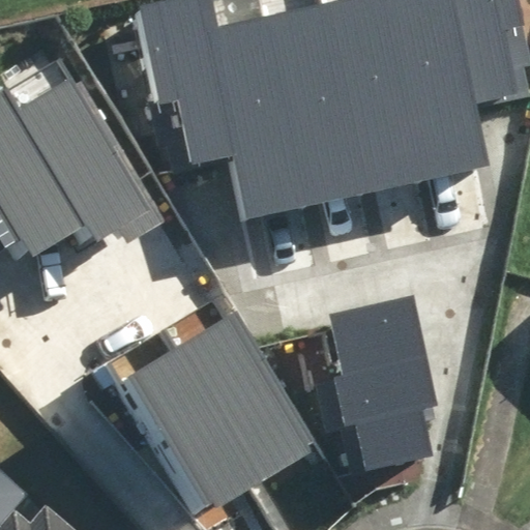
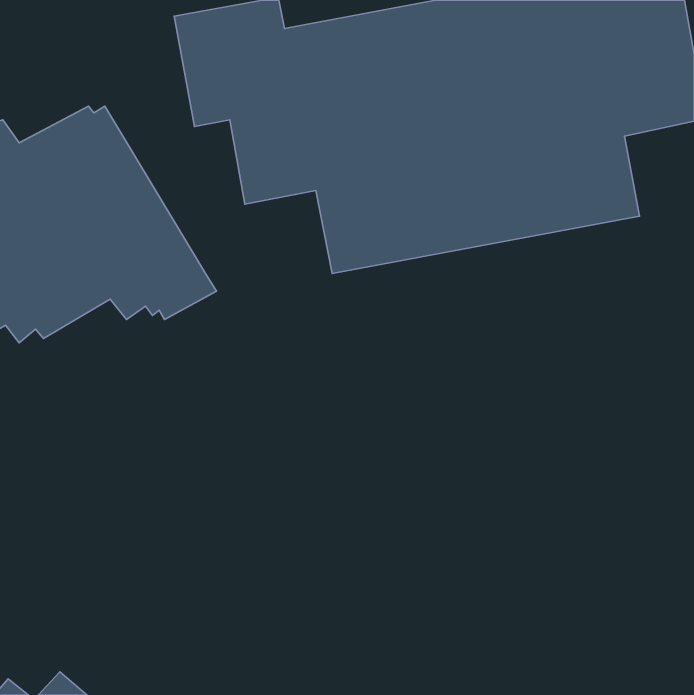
building: [330,296,437,471] -> none
building: [115,314,317,517] -> none

